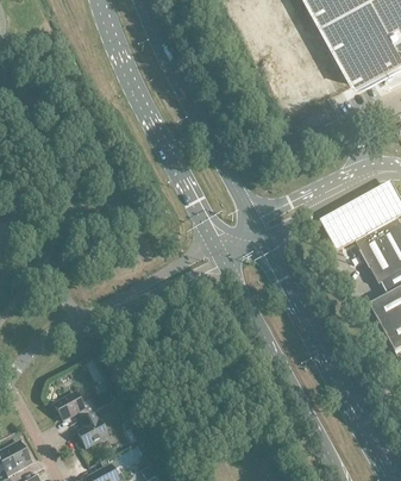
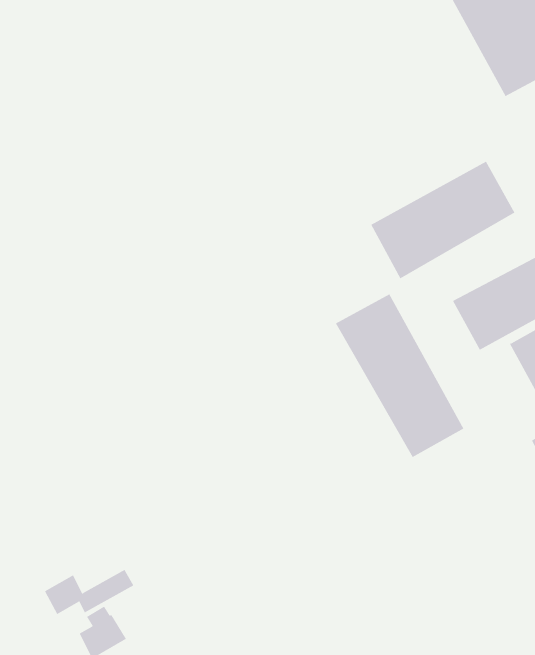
building: none -> [370,161,515,279]
building: none -> [335,294,464,458]

